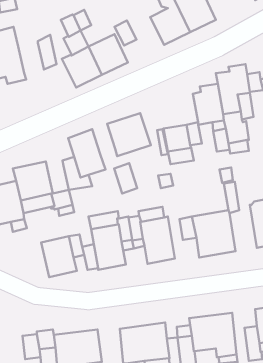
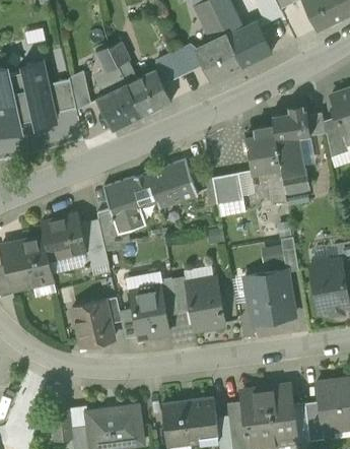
building: none -> [170,45,201,75]
building: none -> [47,79,76,114]
building: [114,163,137,193] -> [131,172,157,206]
building: none -> [80,219,104,251]

